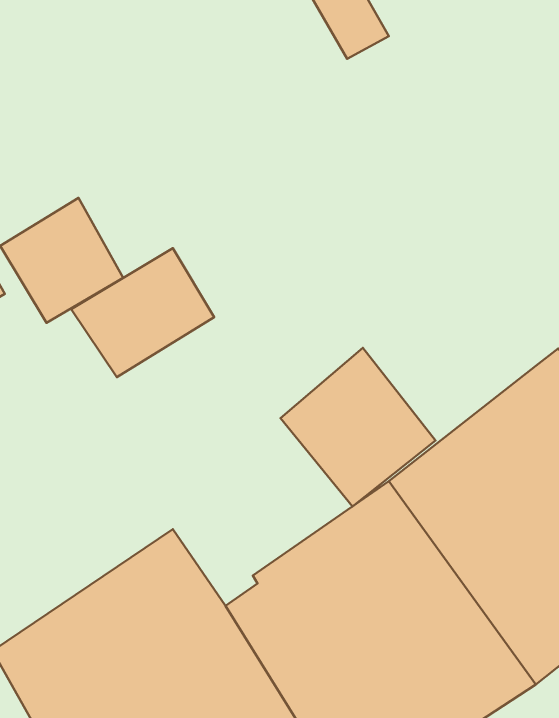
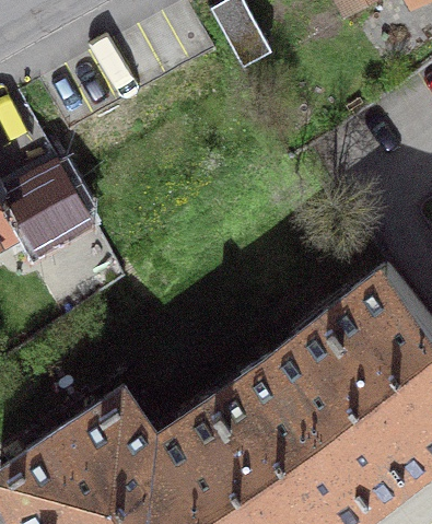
building: [71,248,214,377] -> none
building: [280,348,435,506] -> none

